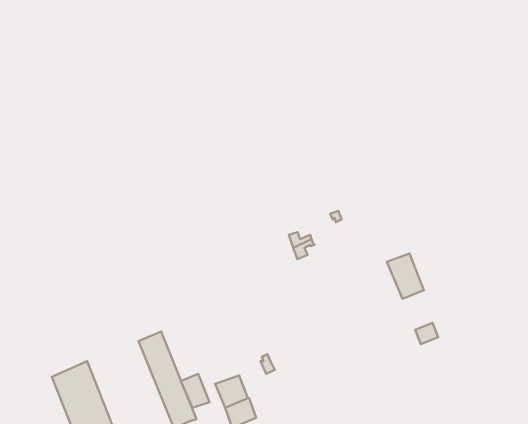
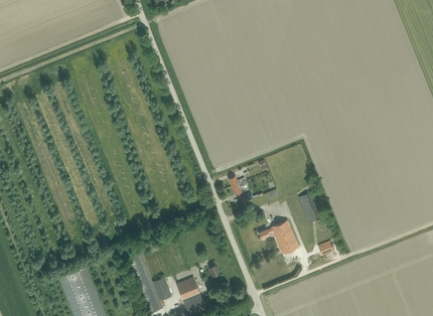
building: none -> [258,220,298,254]

